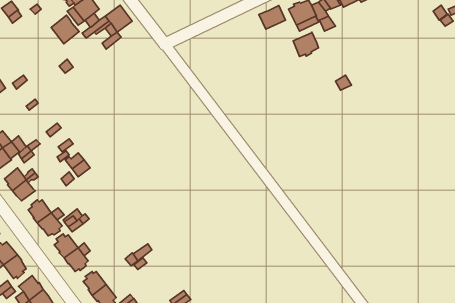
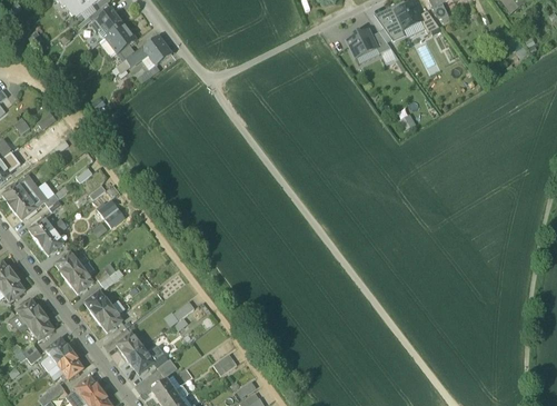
building: [259,6,286,29] -> none
building: [51,15,79,44] -> none
building: [293,32,318,57] -> none

